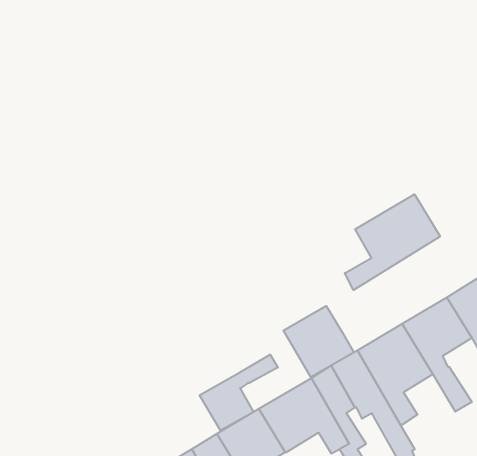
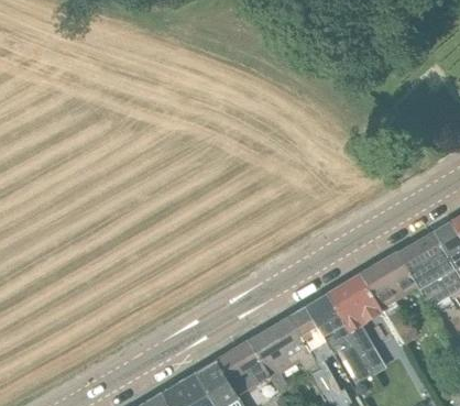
building: [345,194,440,290] -> none
building: [283,306,354,377] -> none
building: [200,354,278,431] -> none

